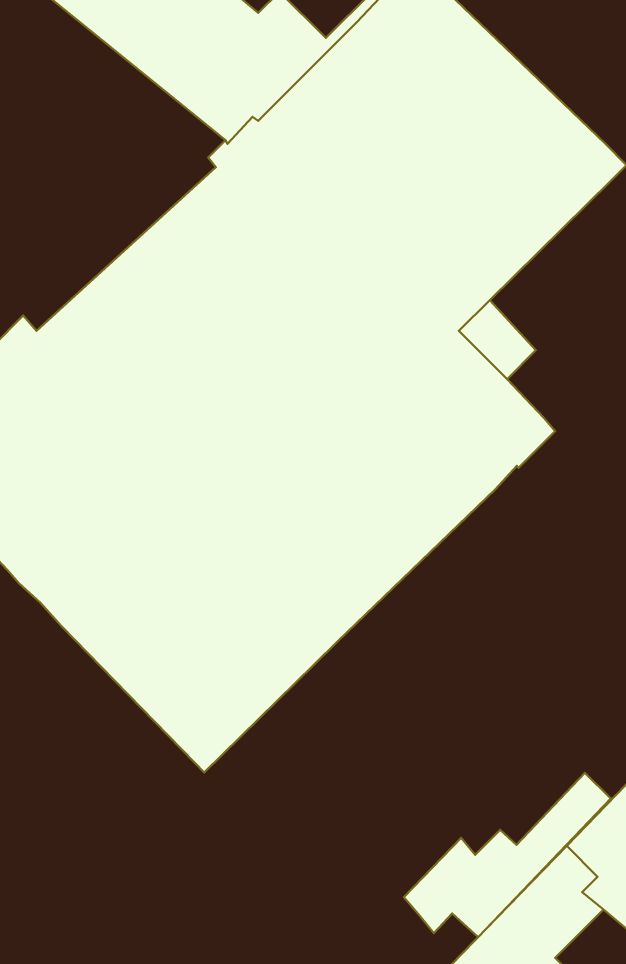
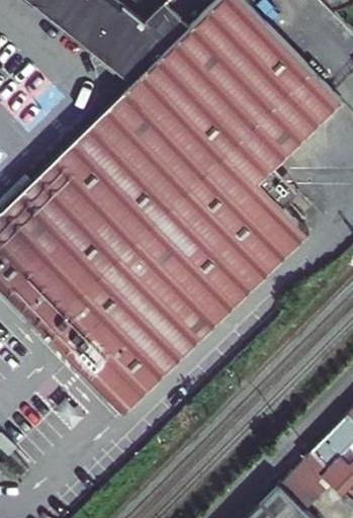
building: [404,773,611,937] -> none

